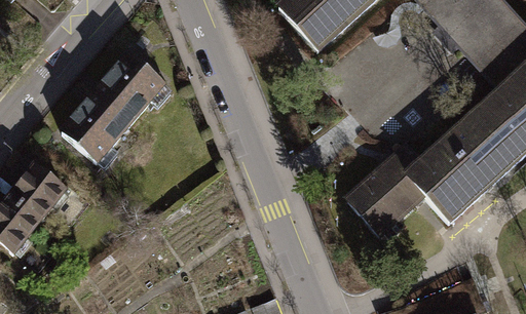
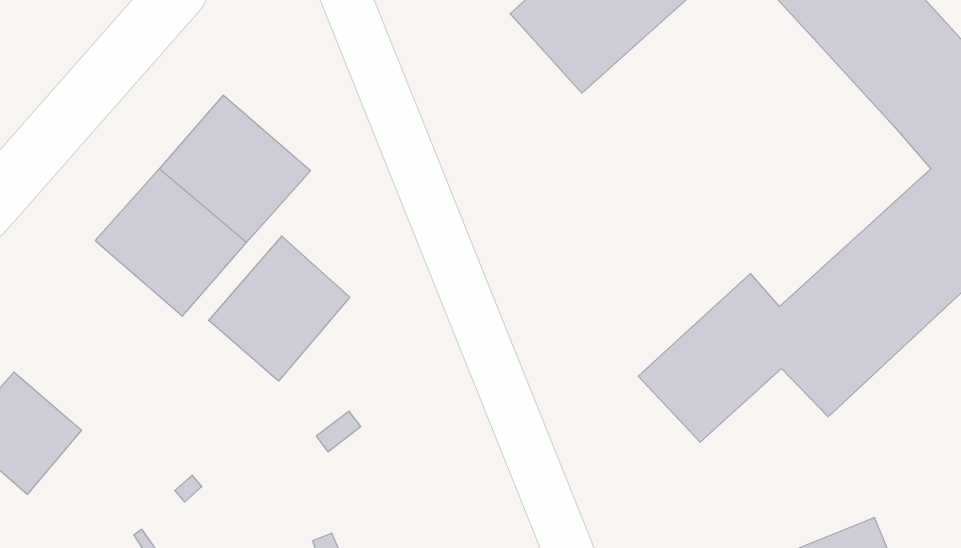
building: none -> [209,236,350,381]
building: [15,164,80,229] -> none

